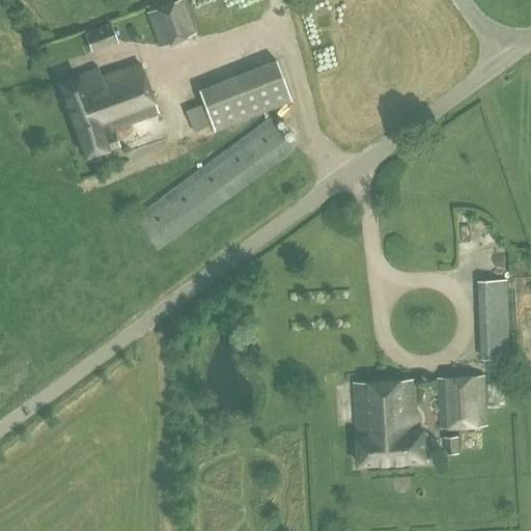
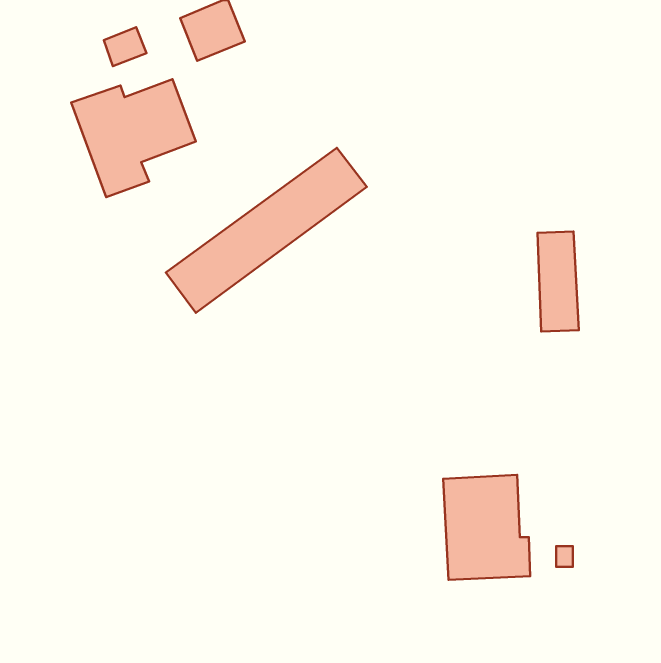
building: [185,61,290,133] -> none
building: [477,279,510,359] -> [537,231,579,331]
building: [437,375,485,428] -> none

